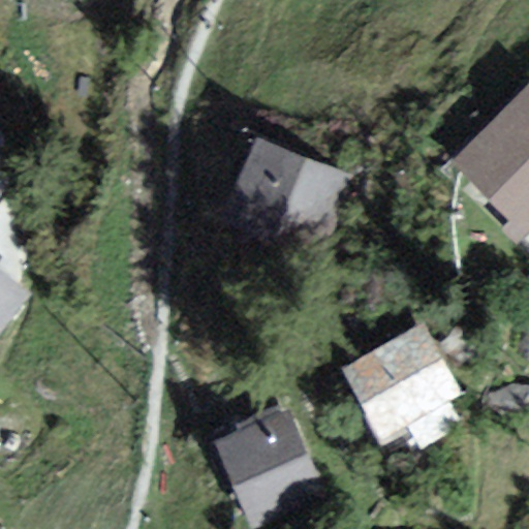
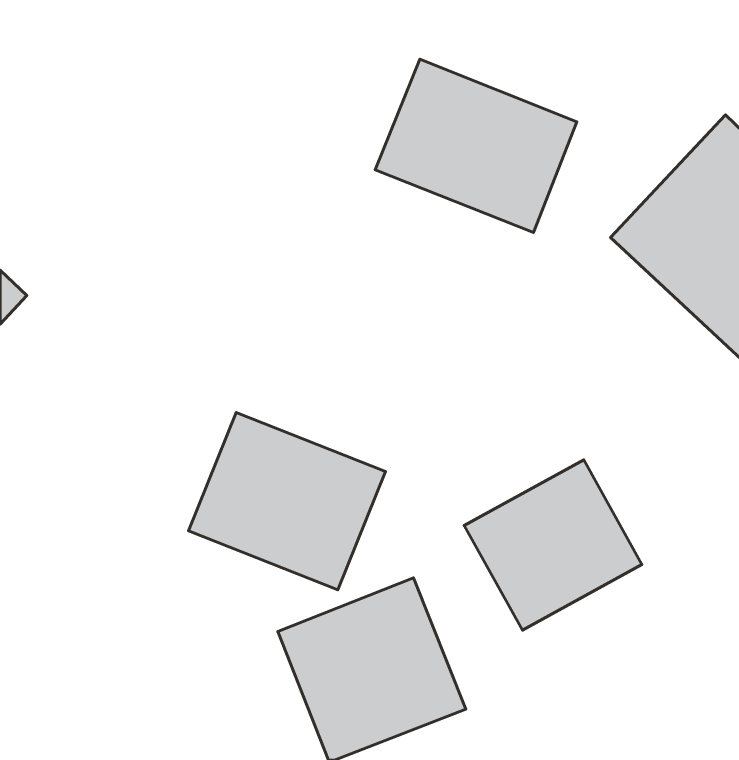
building: [215,144,354,263] -> [375,59,577,232]
building: none -> [189,412,385,590]

